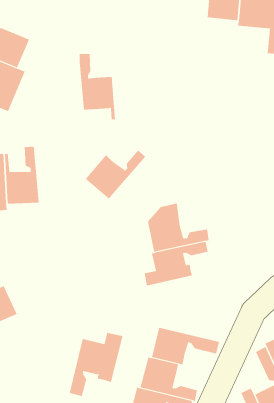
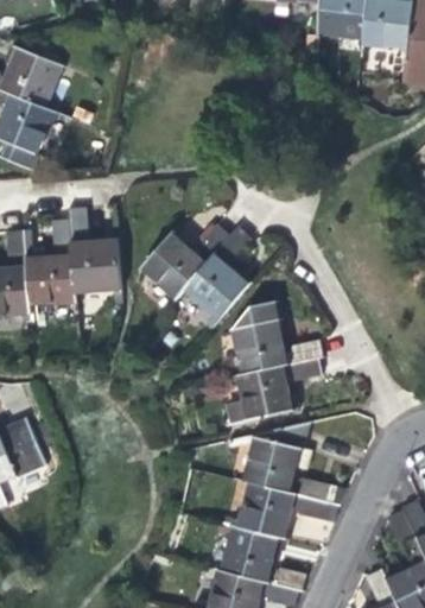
building: [79,54,116,120] -> [69,208,122,304]
building: none -> [184,227,250,328]
building: none -> [243,422,342,504]
building: [69,332,123,397] -> none

